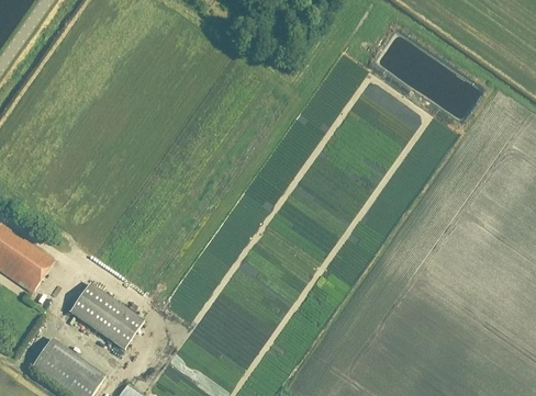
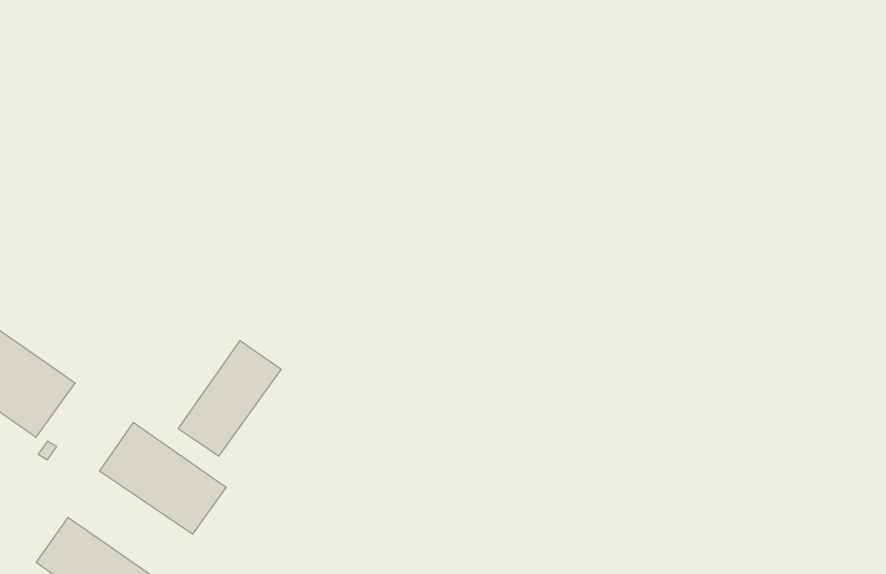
building: none -> [178,340,281,456]

